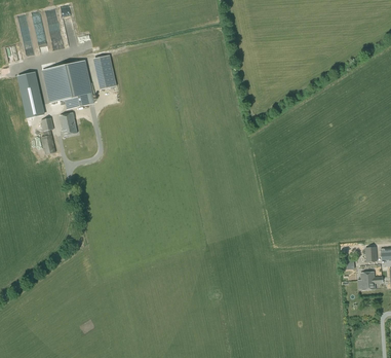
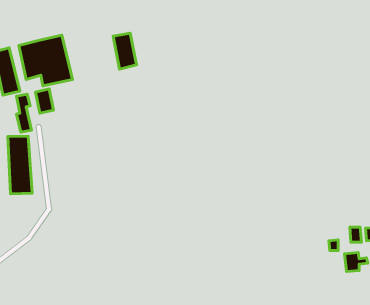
building: [92,55,115,90] -> [113,33,136,69]
building: none -> [8,136,32,194]

